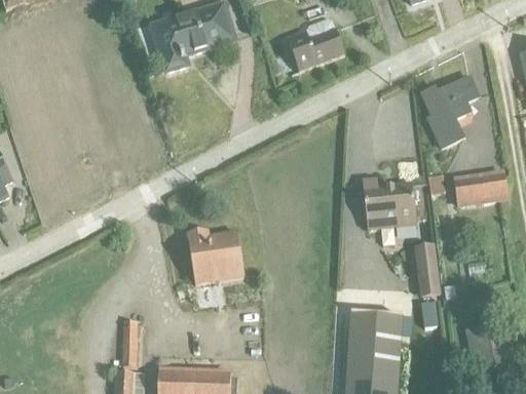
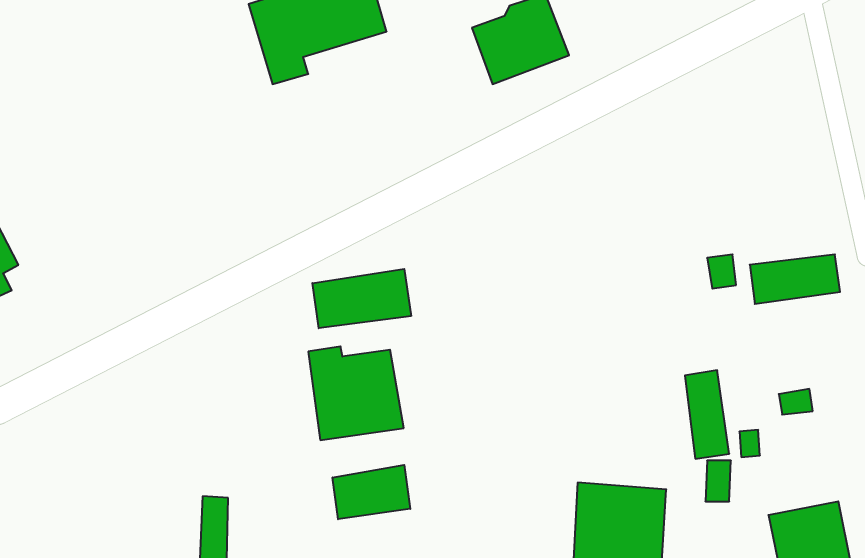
building: [422,77,477,150] -> none
building: [362,179,416,230] -> none
building: none -> [312,269,411,328]
building: none -> [333,465,410,519]

